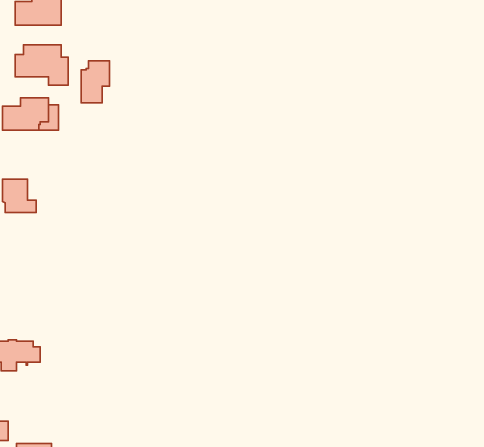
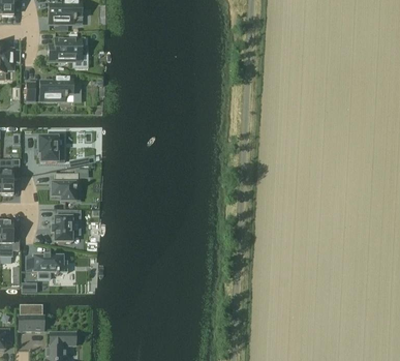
building: [81,61,110,103] -> none
building: none -> [52,173,79,201]
building: none -> [52,210,81,242]

